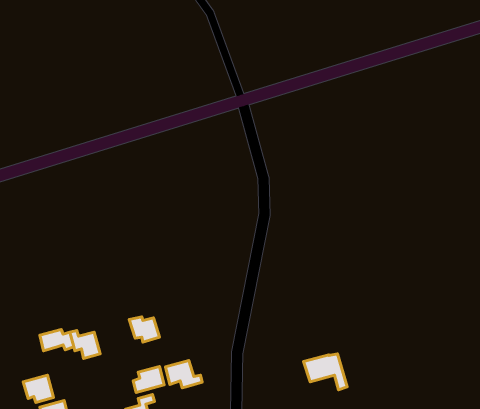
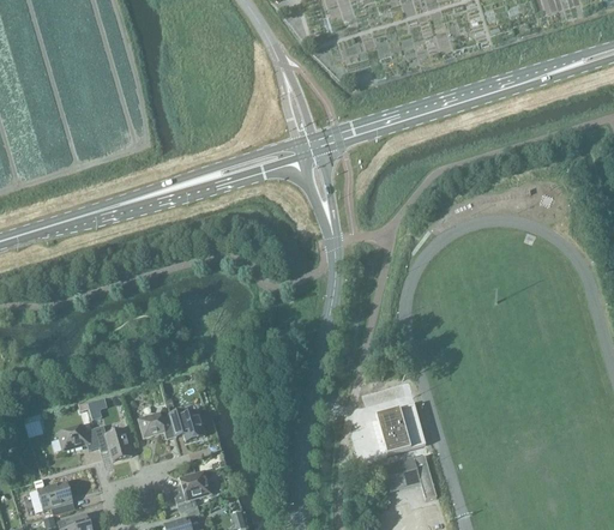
building: none -> [138,411,175,439]
building: none -> [374,411,426,456]
building: [166,360,202,388] -> none

